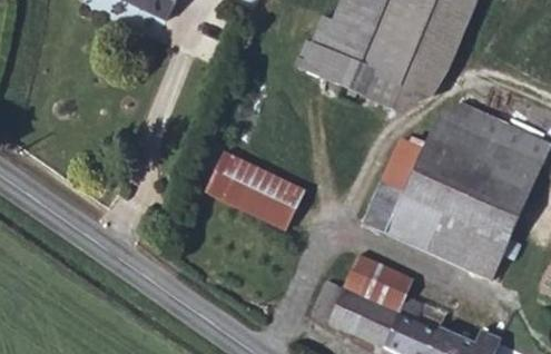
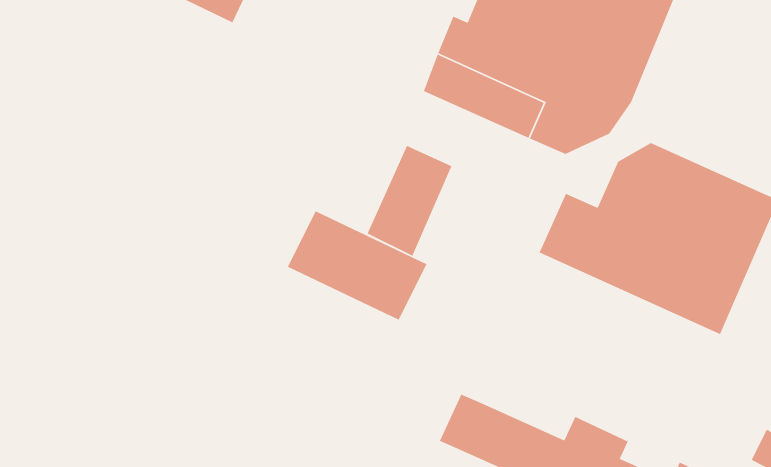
building: none -> [367,145,453,257]
building: [363,181,510,281] -> none
building: [343,254,414,313] -> none

